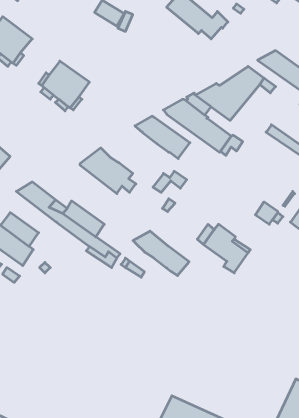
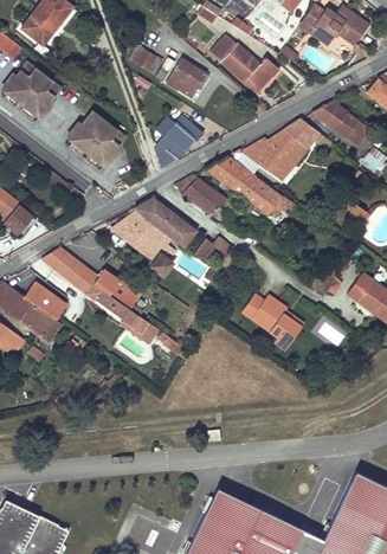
building: none -> [166,58,208,97]
building: none -> [153,115,204,167]
building: [133,231,189,276] -> [134,197,196,246]

